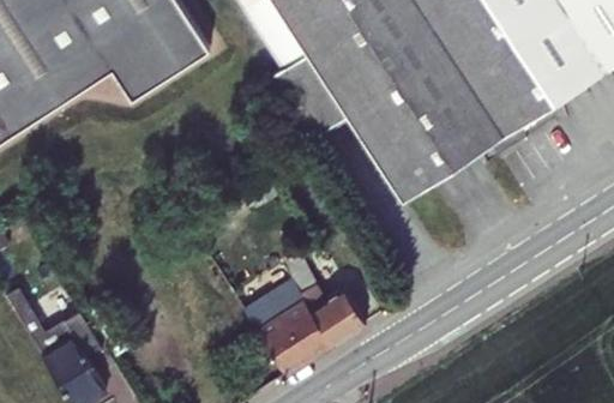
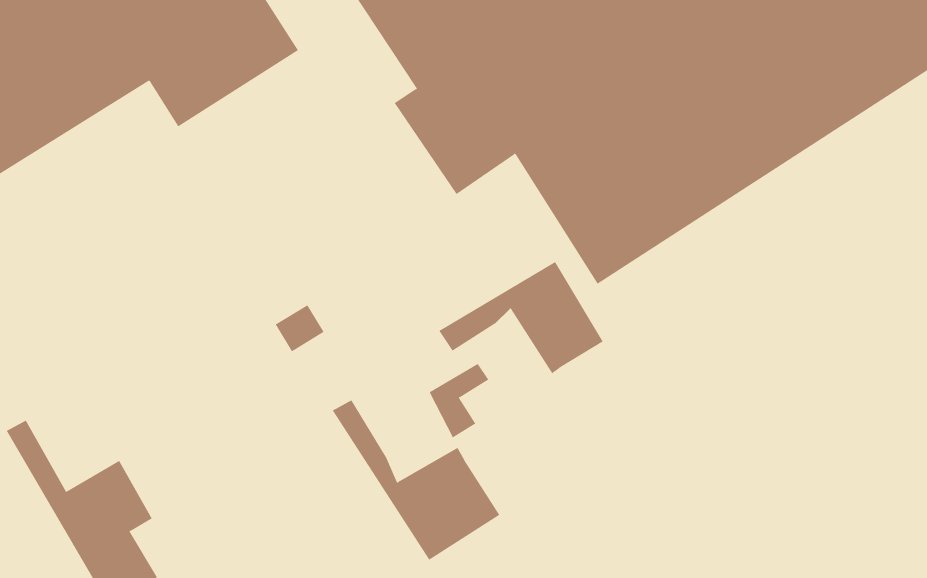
building: none -> [438,261,603,374]
building: [309,288,365,344] -> none

